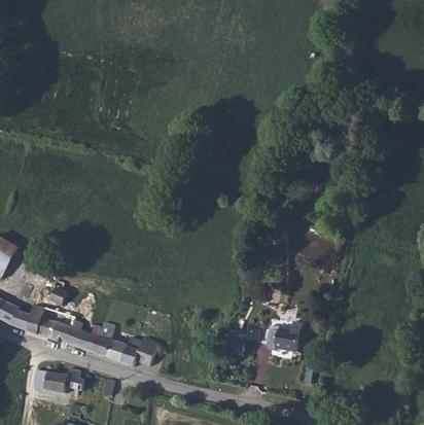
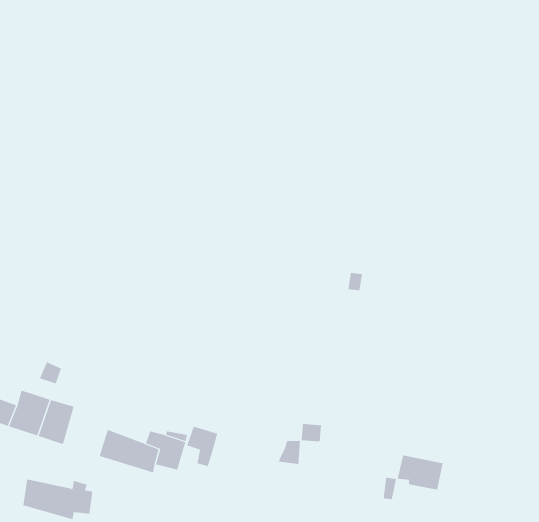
building: [66,309,103,351] -> none
building: [262,326,296,352] -> [397,455,443,490]
building: none -> [186,426,218,467]

